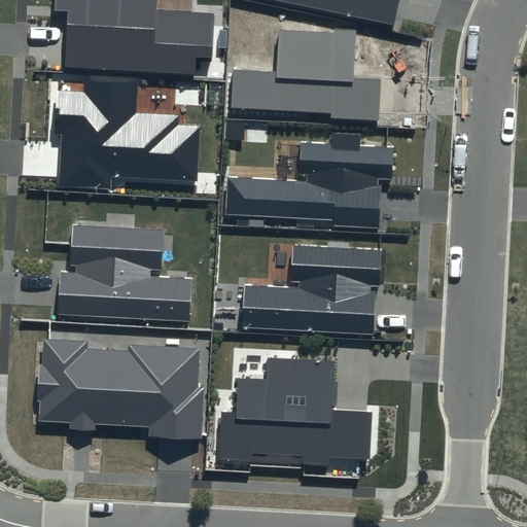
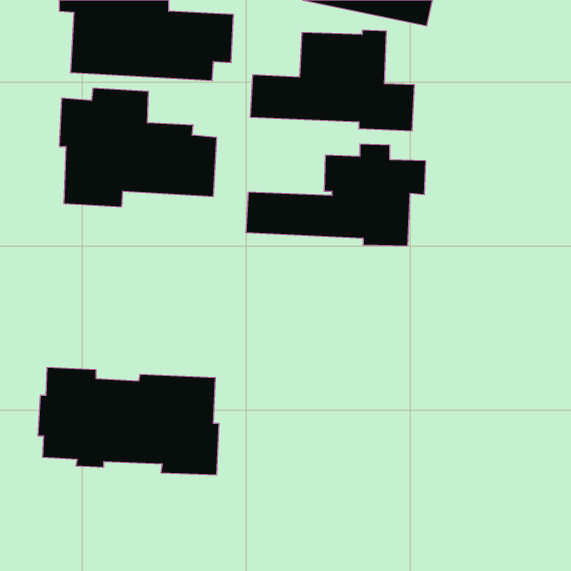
building: [58,224,192,321] -> none
building: [242,244,382,335] -> none
building: [218,359,372,465] -> none

